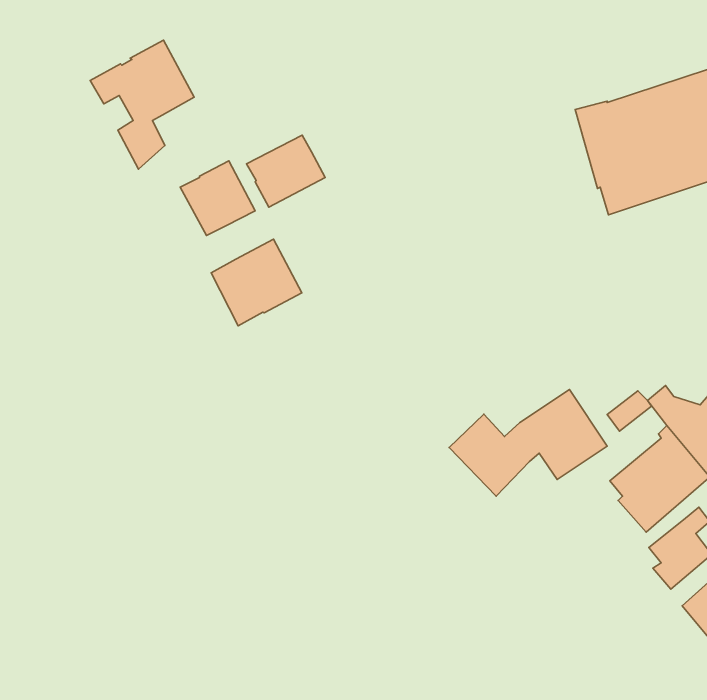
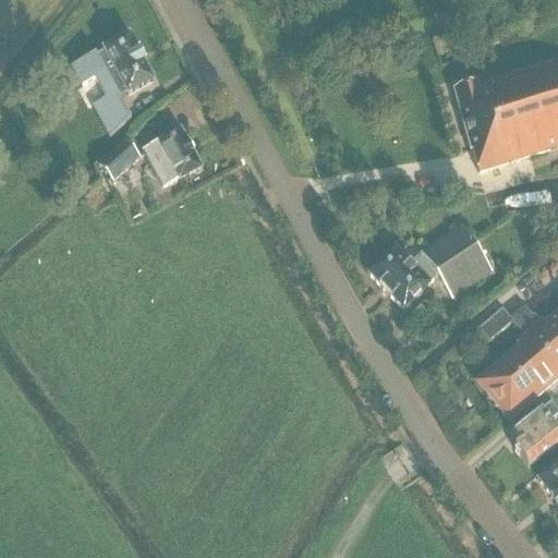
building: [247,135,325,207] -> none
building: none -> [98,138,140,179]
building: [211,239,302,326] -> none
building: [449,389,607,496] -> [367,223,492,307]

